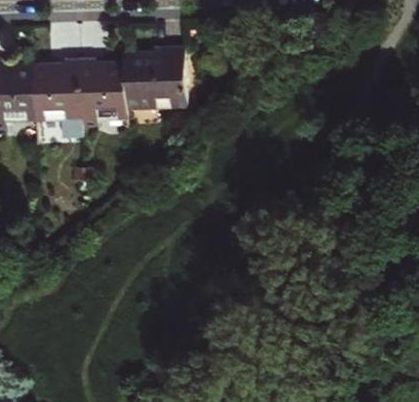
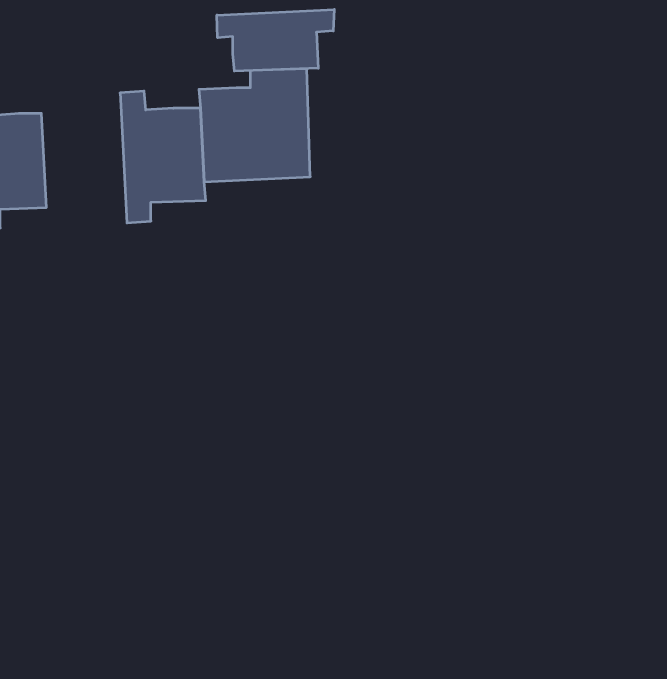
building: none -> [217,9,334,71]
building: [28,56,78,141] -> none

